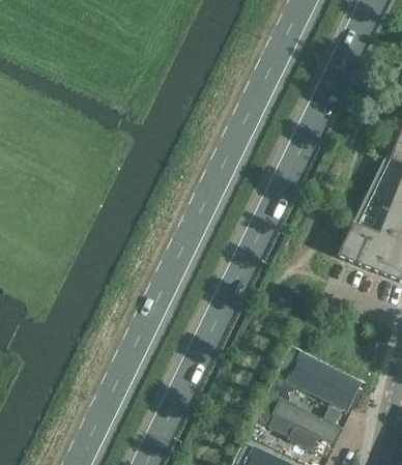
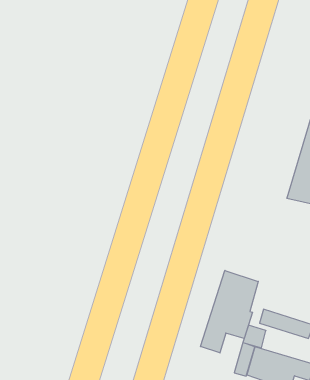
building: none -> [201,270,258,353]

